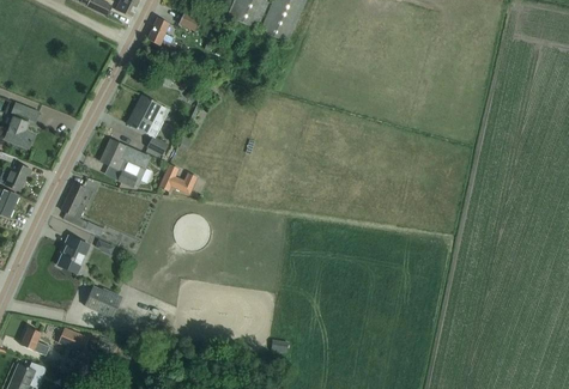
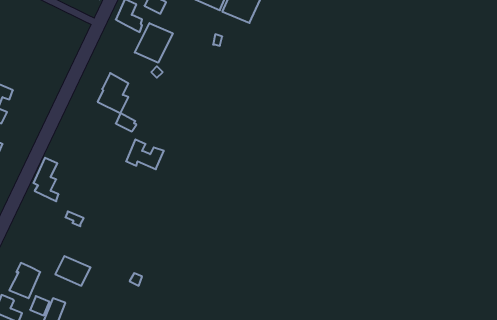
building: none -> [135,23,173,63]
building: [101,138,150,186] -> none
building: [56,235,89,272] -> [9,263,40,298]

